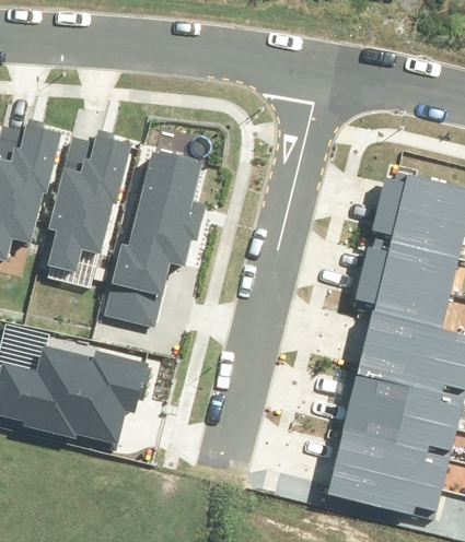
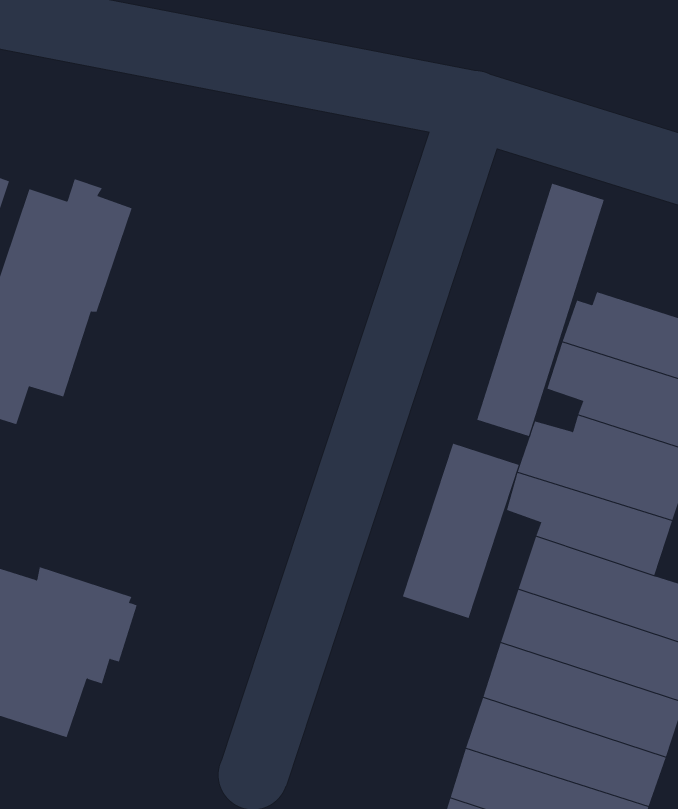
building: none -> [476,183,605,437]
building: [104,151,206,327] -> none
building: none -> [402,443,519,619]

